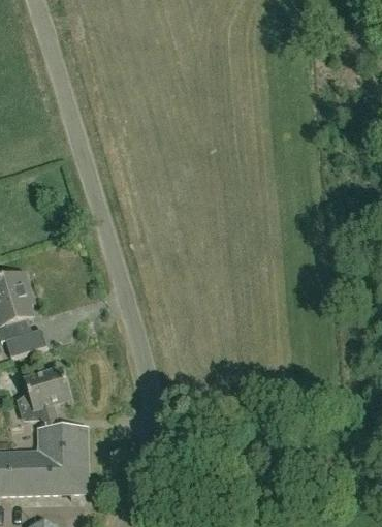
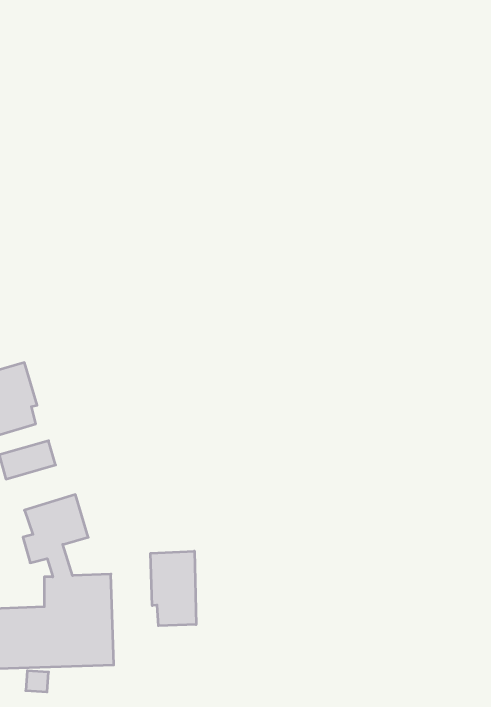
building: none -> [151,551,196,626]

